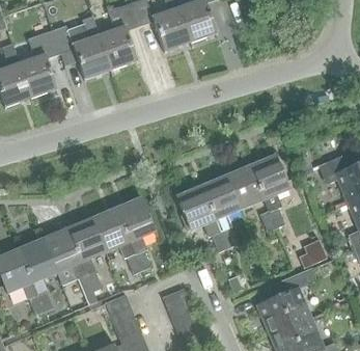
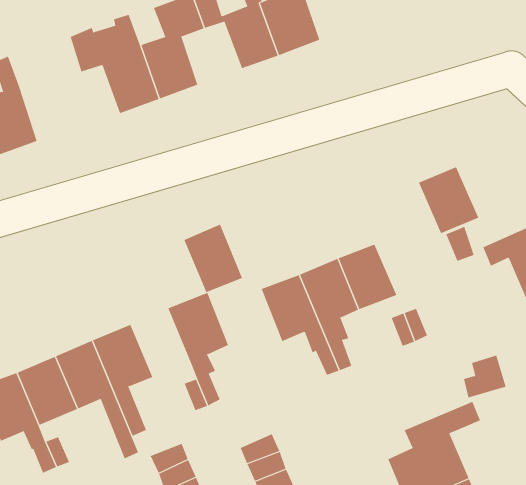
building: [20,31,59,99] -> none
building: [249,155,288,198] -> [418,167,479,234]
building: [91,207,130,251] -> [183,224,243,293]

